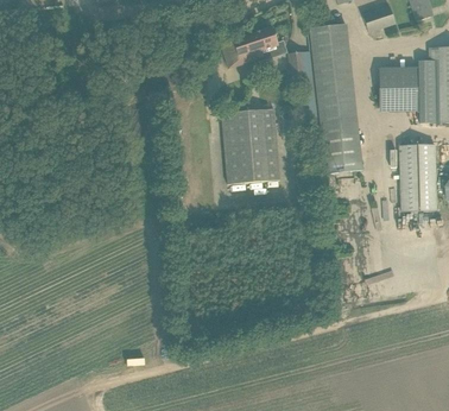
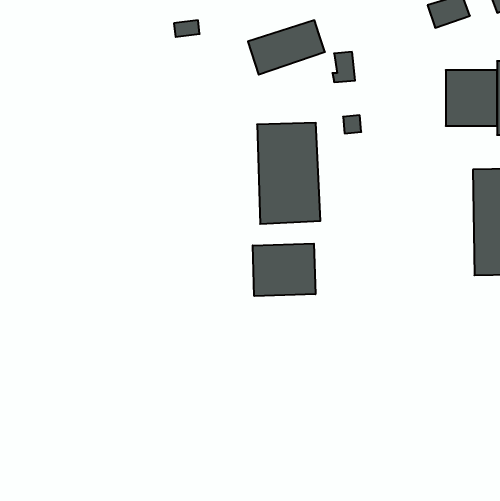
building: [309,24,361,172] -> none
building: none -> [253,244,315,296]

